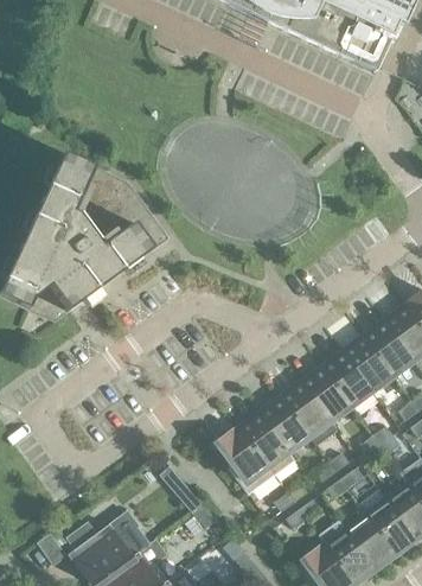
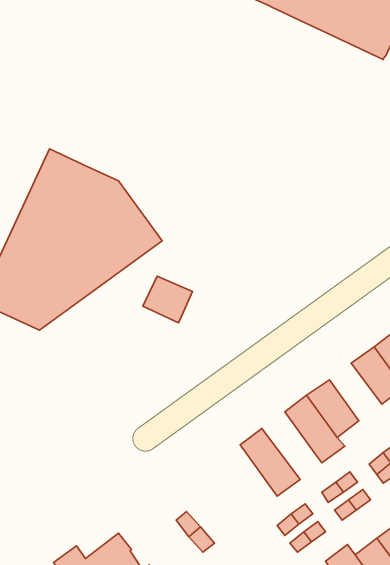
building: none -> [143,276,193,323]
building: [324,351,372,405] -> none
building: [261,396,309,450] -> none
building: [219,427,275,493] -> none

